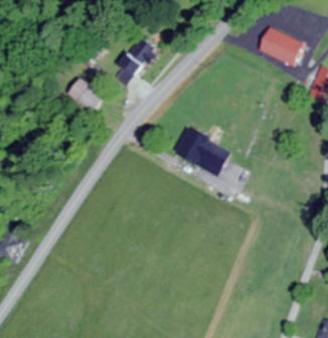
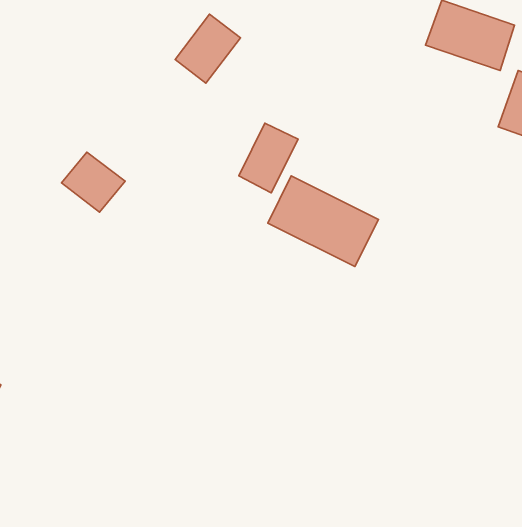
building: [67,78,103,112] -> [62,152,125,212]
building: none -> [239,123,298,193]

